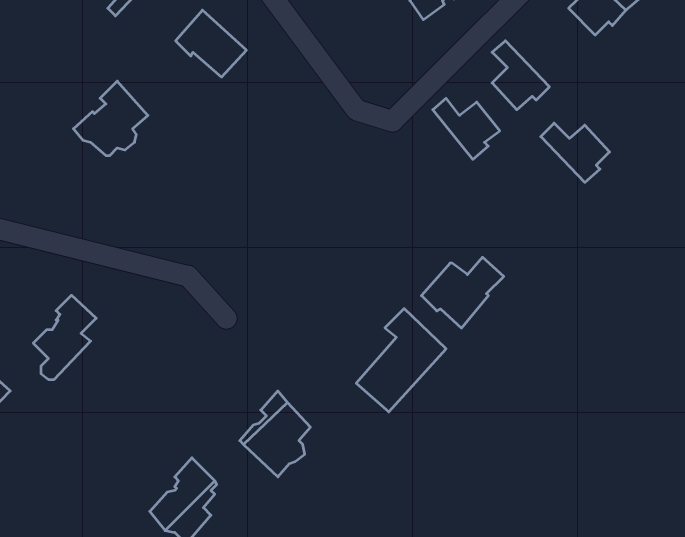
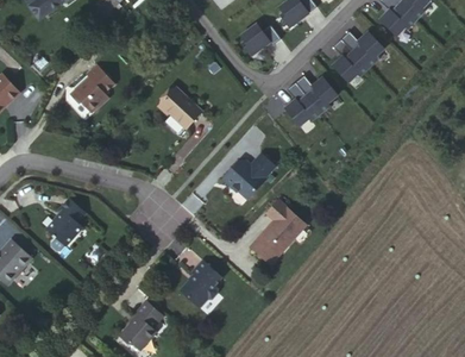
building: [176,10,246,77] -> [159,86,203,127]
building: none -> [240,21,281,54]
building: none -> [284,81,320,125]
building: [541,123,610,182] -> [340,30,383,67]
building: [421,257,504,328] -> [222,156,274,200]

